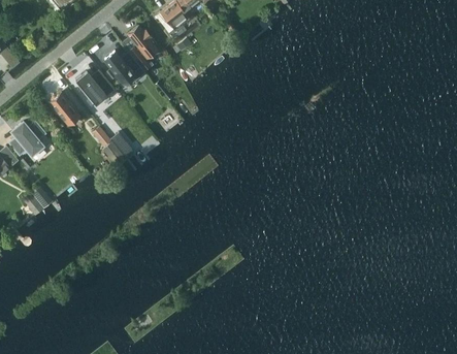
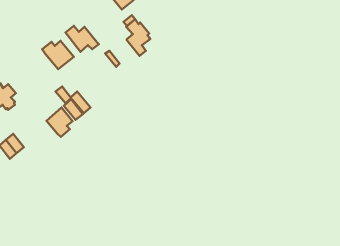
building: [127,27,157,72] -> [126,19,150,56]
building: [48,94,79,127] -> none
building: none -> [47,108,73,137]

